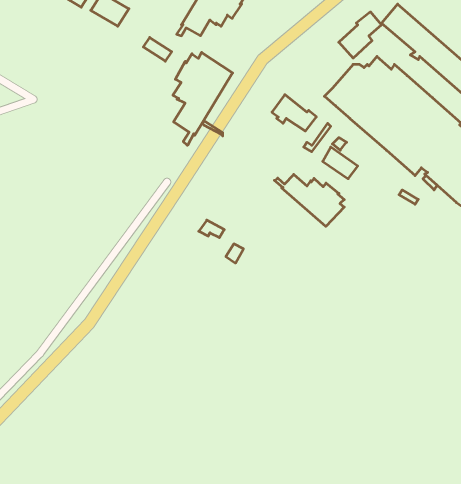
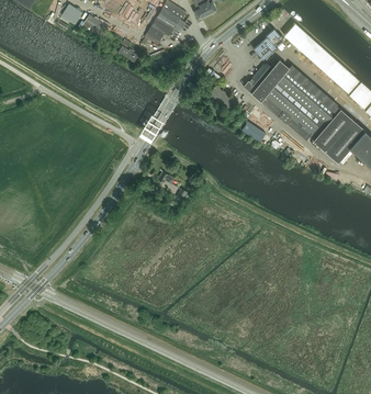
building: [173,52,233,145] -> none
building: [274,174,344,226] -> none

